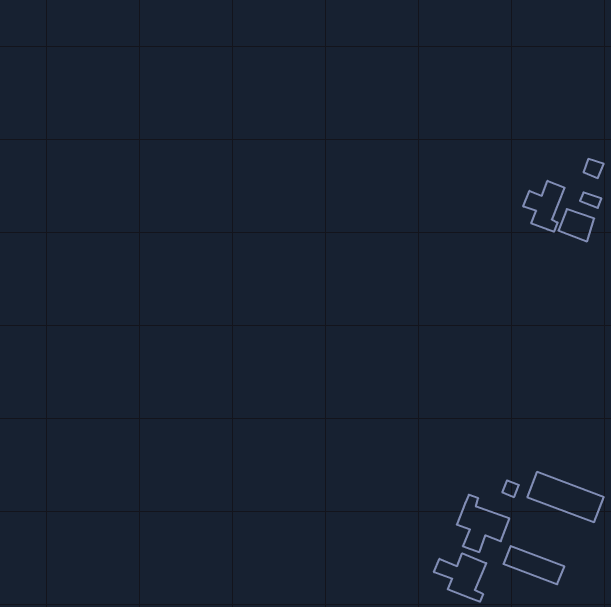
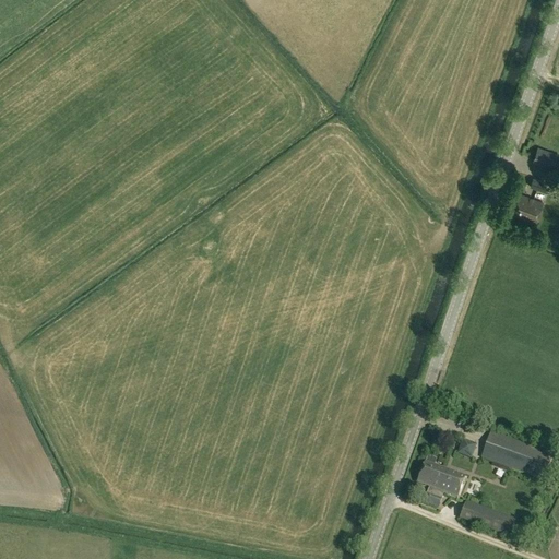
building: [523,181,565,232] -> none
building: [434,553,486,602] -> none

